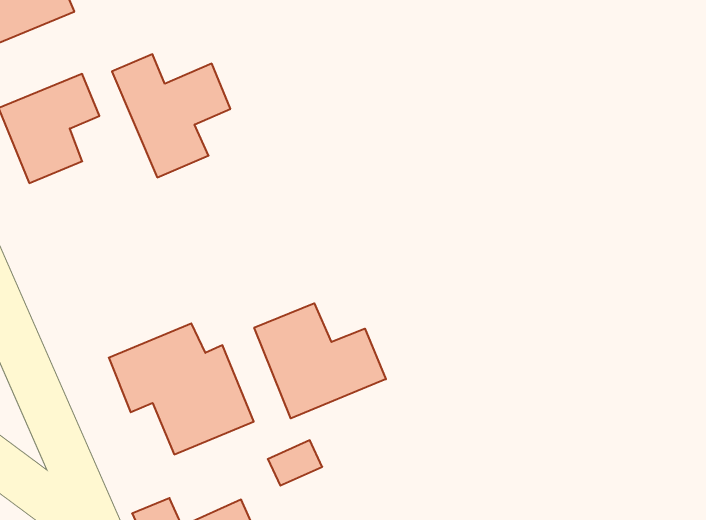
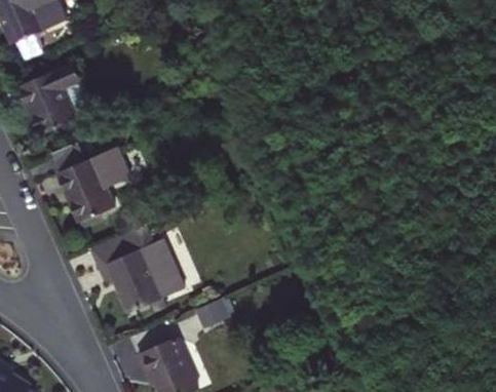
building: [112,54,230,177] -> [51,142,129,223]
building: [254,303,386,418] -> none

